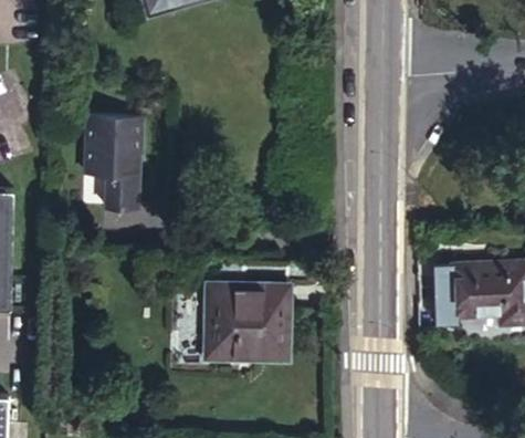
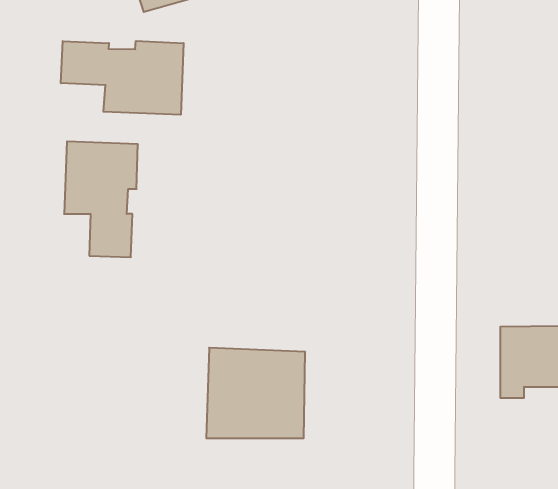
building: none -> [61,41,184,115]

